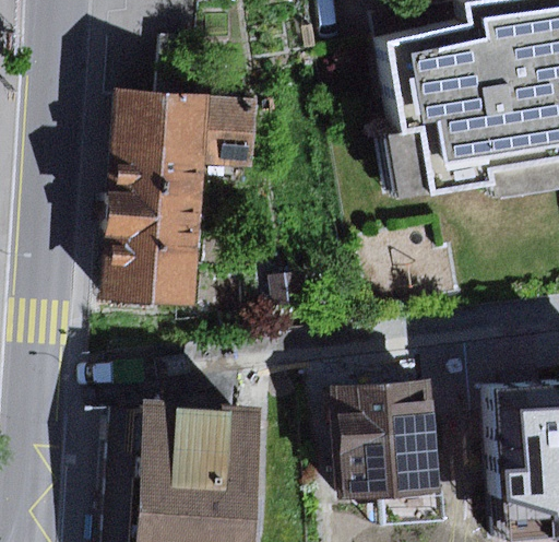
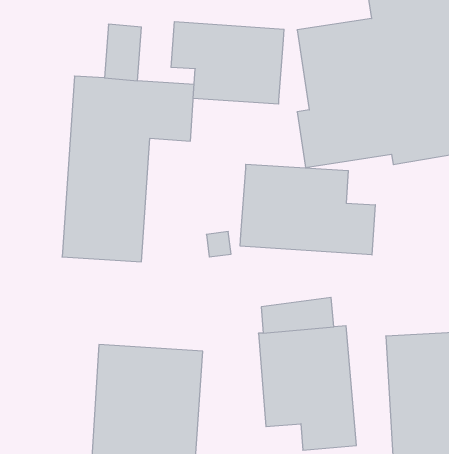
building: none -> [171,22,284,104]
building: none -> [240,164,375,255]

